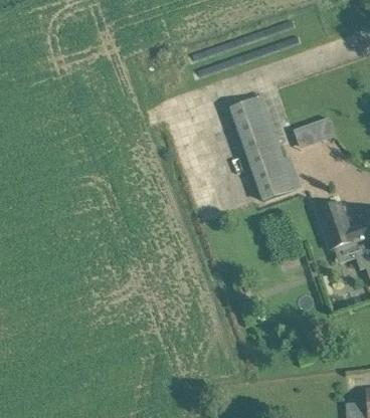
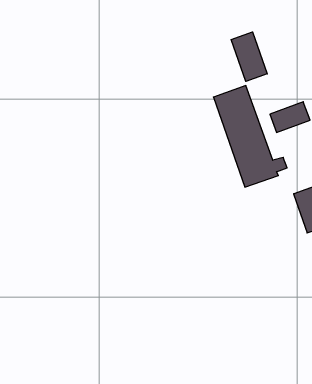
building: none -> [231,32,267,81]

